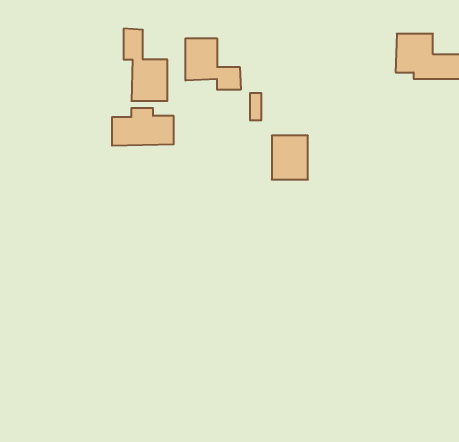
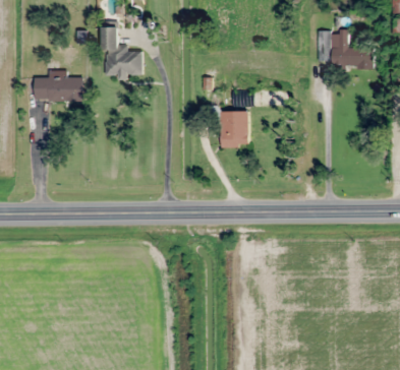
building: [186,38,241,90] -> none
building: [112,108,174,146] -> [35,70,83,100]

